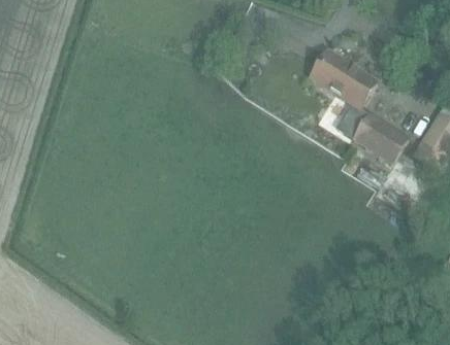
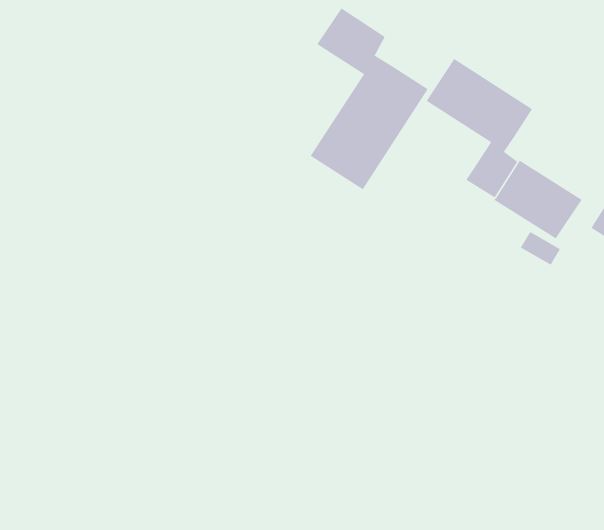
building: none -> [310,8,428,190]

